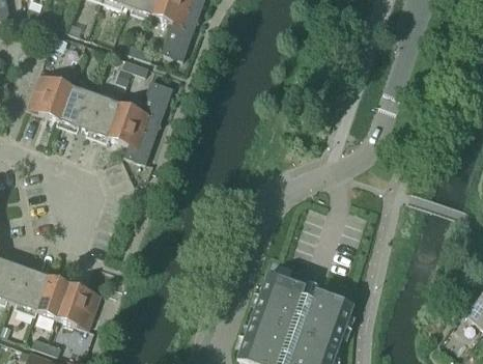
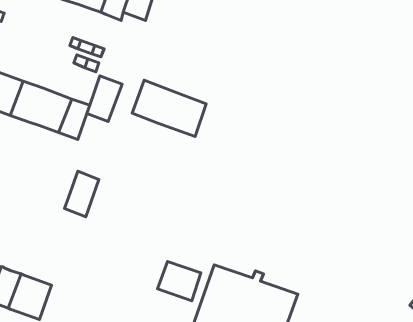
building: [160,13,196,59] -> none
building: none -> [132,80,206,136]
building: [122,117,158,164] -> [65,171,99,217]
building: none -> [158,261,201,301]

